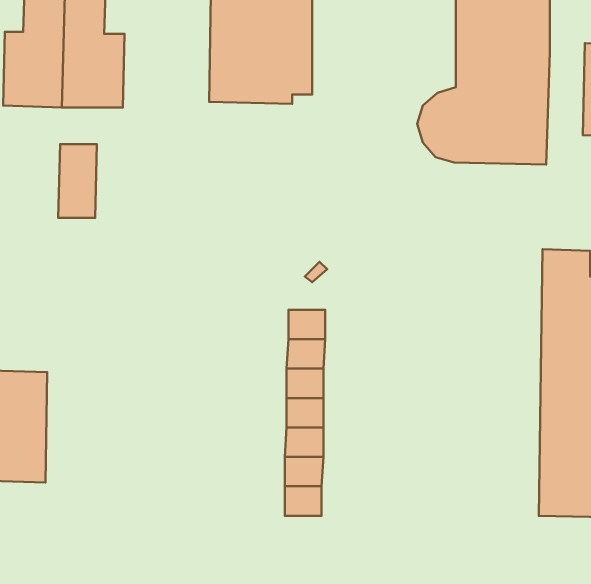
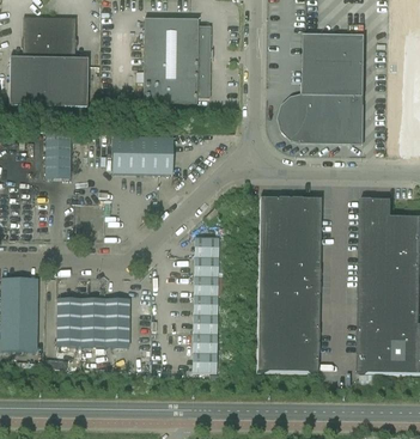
building: none -> [111,135,172,173]
building: none -> [256,196,319,371]
building: none -> [56,297,128,367]

